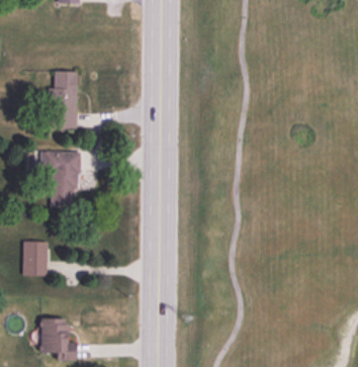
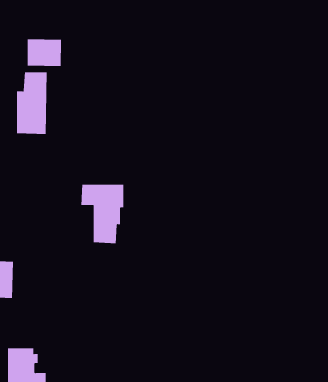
building: none -> [27,39,61,67]
building: [40,152,80,205] -> [81,184,124,244]

